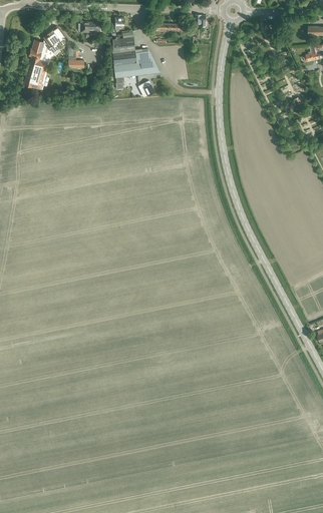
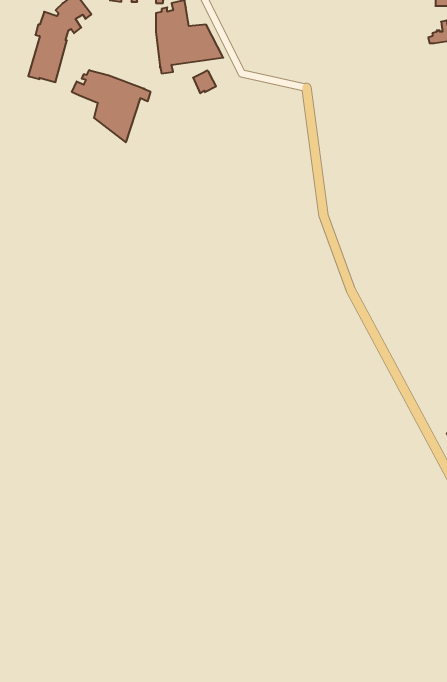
building: none -> [72,70,150,142]

